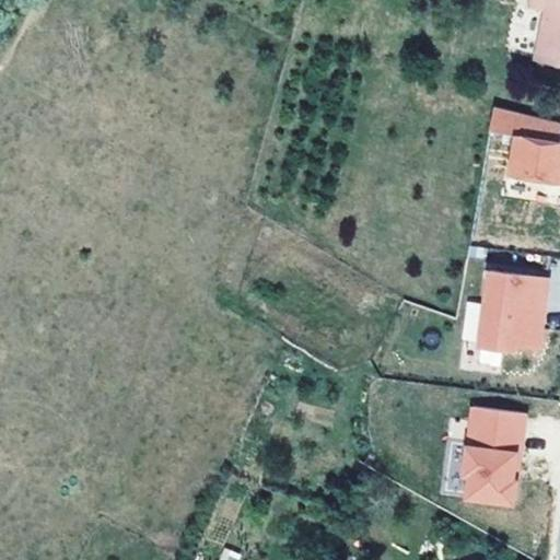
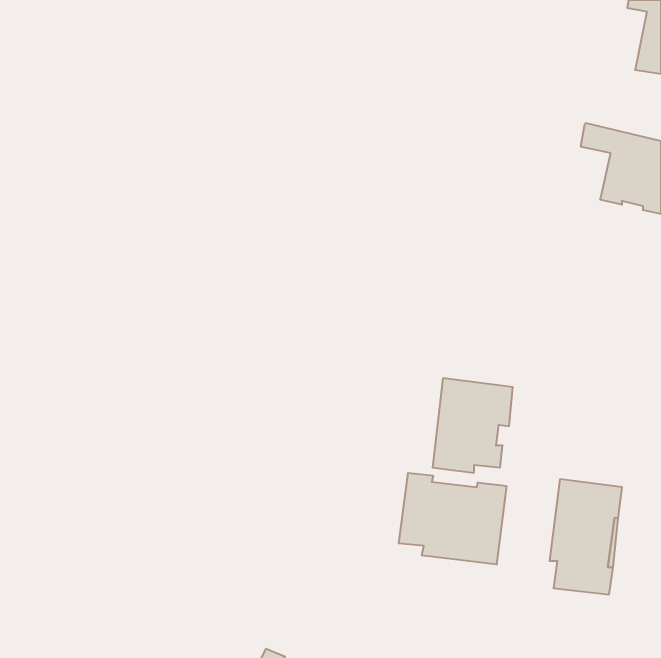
building: [481,272,549,352] -> [433,378,513,473]
building: none -> [399,473,506,565]

